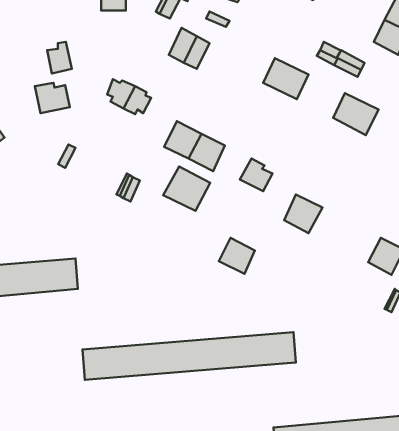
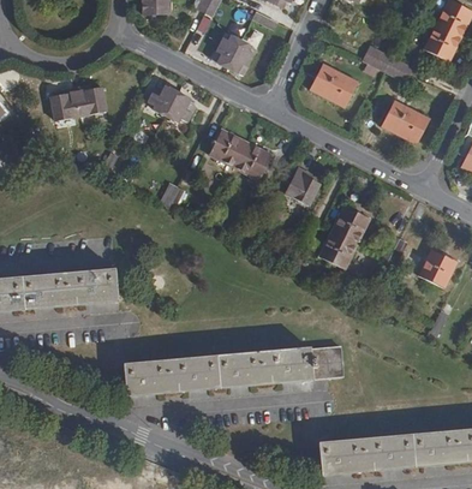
building: [47,42,72,73] -> [55,91,80,124]
building: [163,166,210,211] -> none
building: [219,238,255,274] -> [319,229,357,267]

